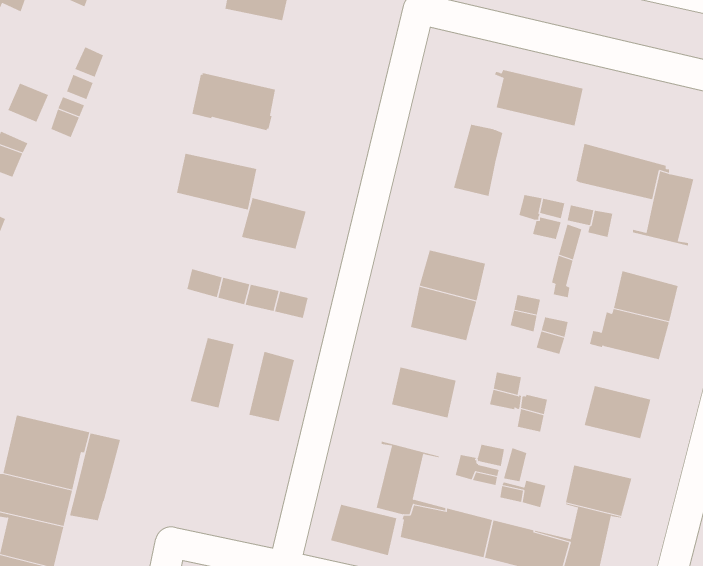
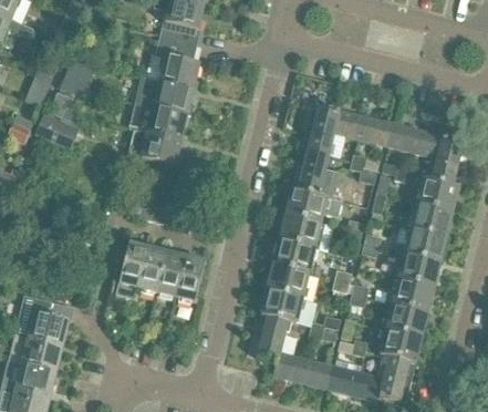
building: none -> [146,34,199,86]
building: [494,69,584,126] -> [334,109,392,145]
building: none -> [35,112,71,145]
building: none -> [290,150,339,198]
building: [241,198,306,249] -> [146,104,188,137]
building: none -> [416,178,459,213]
building: none -> [273,239,316,274]
building: none -> [157,250,186,296]
building: none -> [398,251,440,286]
building: none -> [385,302,428,337]
building: [69,433,121,521] -> [116,241,149,298]
building: [330,504,397,556] -> [261,289,304,322]

